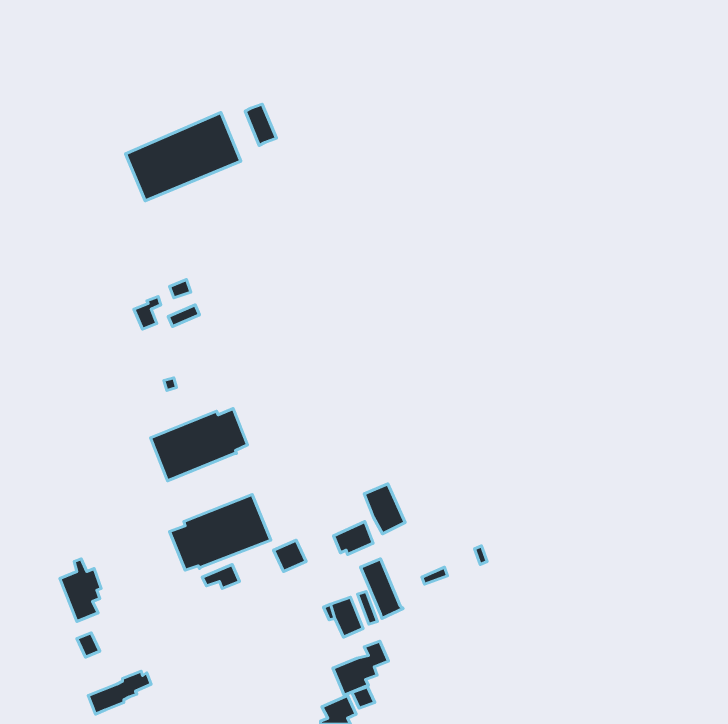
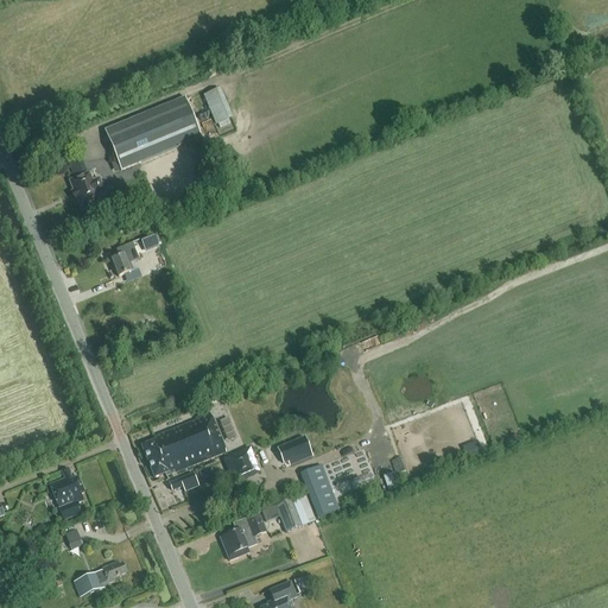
building: none -> [70,171,102,207]
building: [151,408,247,481] -> none
building: [364,484,405,534] -> none
building: [333,641,388,695] -> [220,513,266,558]

